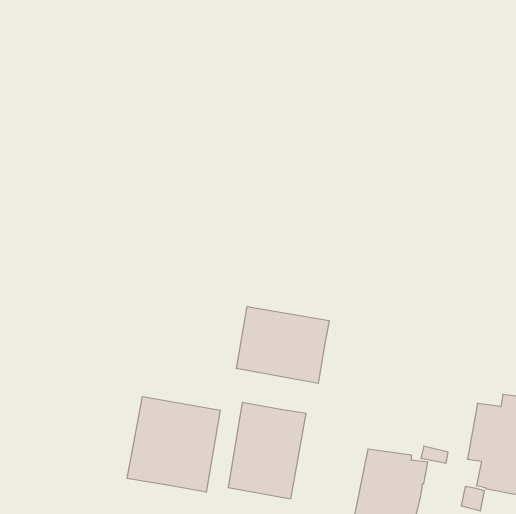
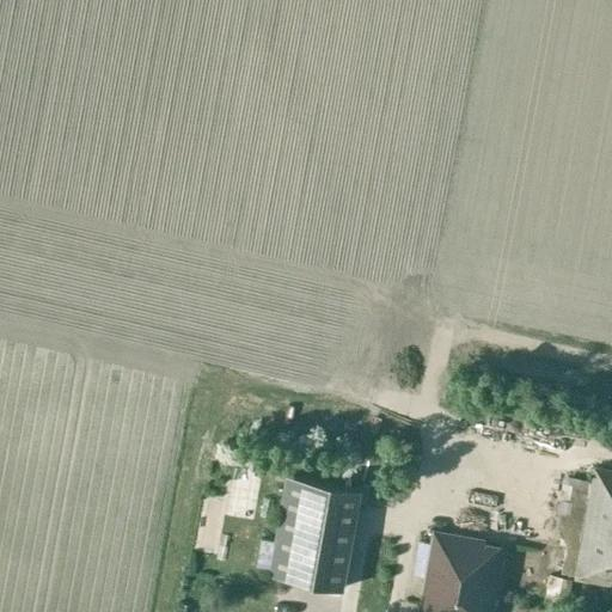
building: [236,306,329,384] -> none
building: [127,397,220,492] -> none

